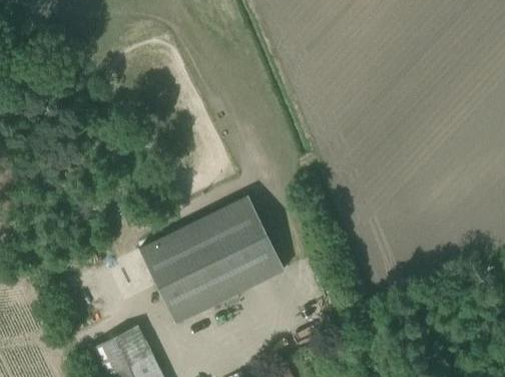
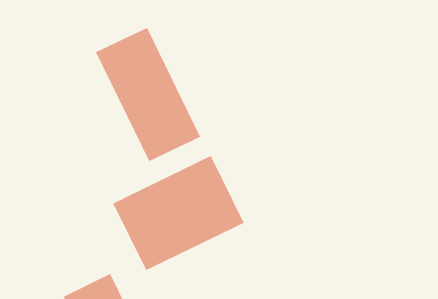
building: none -> [95,27,201,162]

